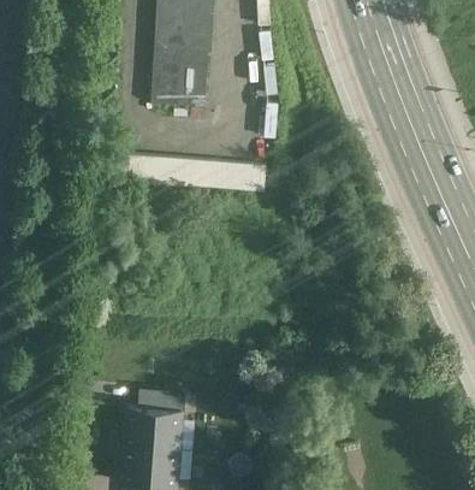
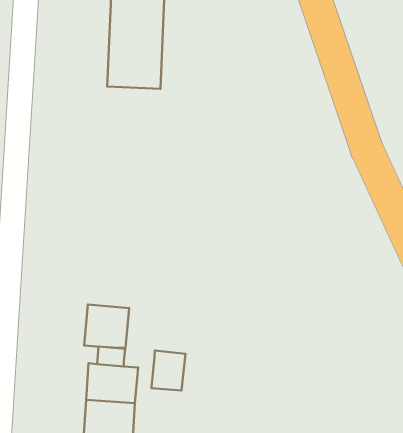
building: none -> [84,304,129,348]
building: none -> [151,350,186,391]

